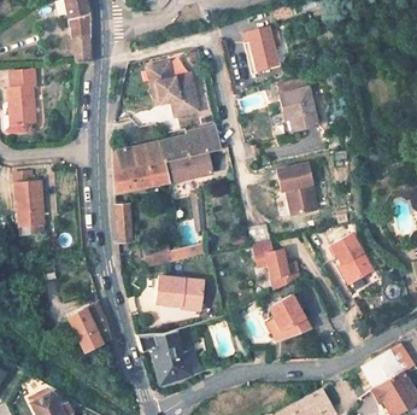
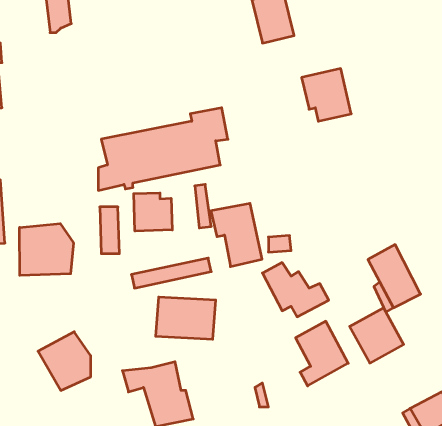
building: [147,60,201,115] -> none
building: [276,164,317,215] -> [211,203,262,267]
building: none -> [134,193,172,231]
building: none -> [20,224,73,275]
building: none -> [350,308,404,363]

